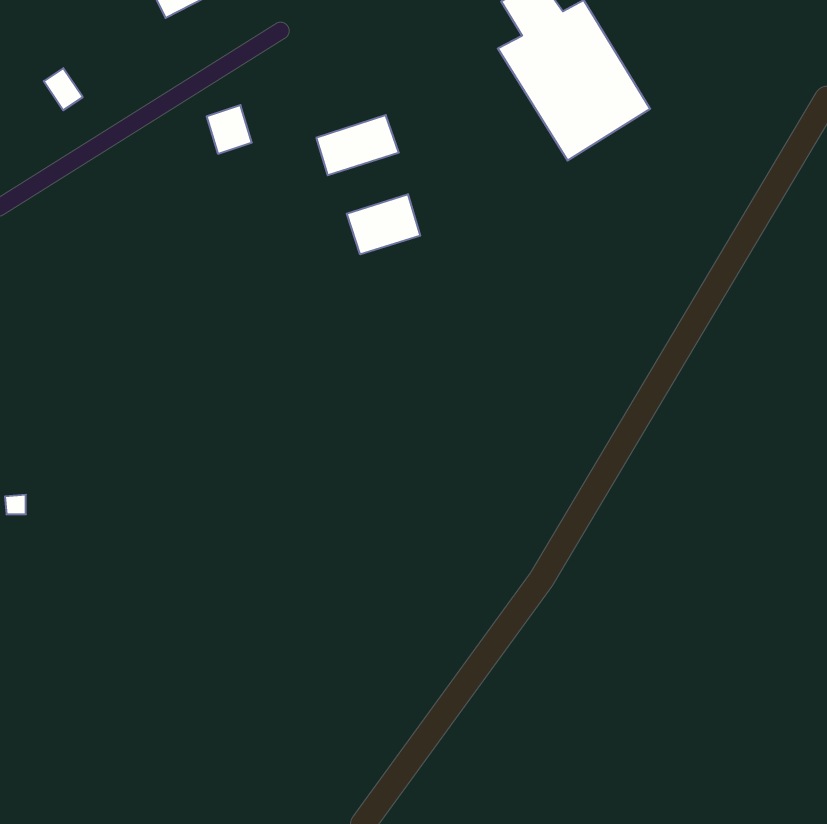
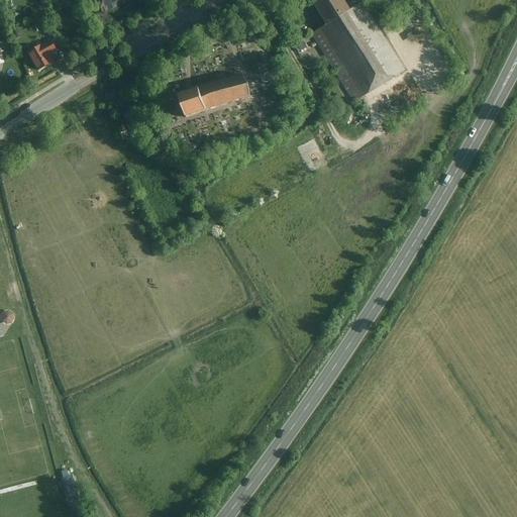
building: [207,105,252,154] -> [176,86,204,116]
building: [347,194,420,254] -> none

